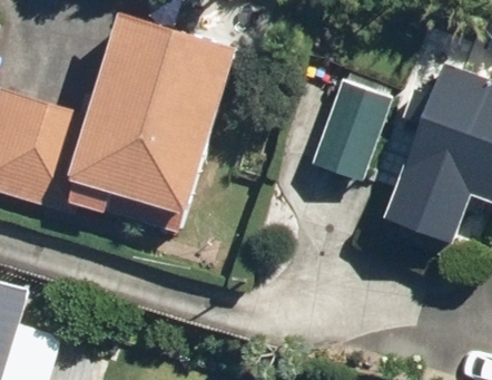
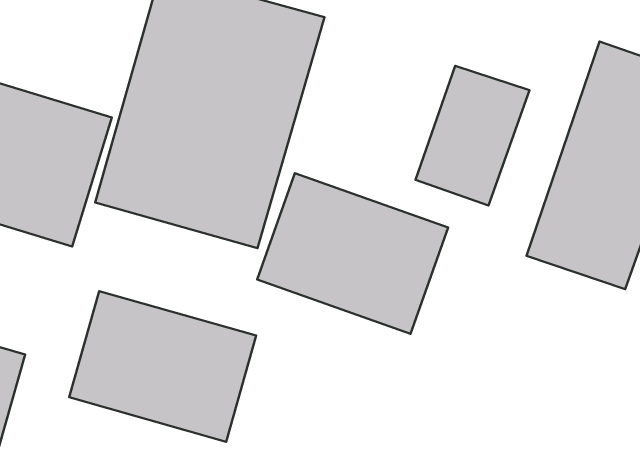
building: none -> [257,173,448,334]
building: none -> [69,291,256,442]

